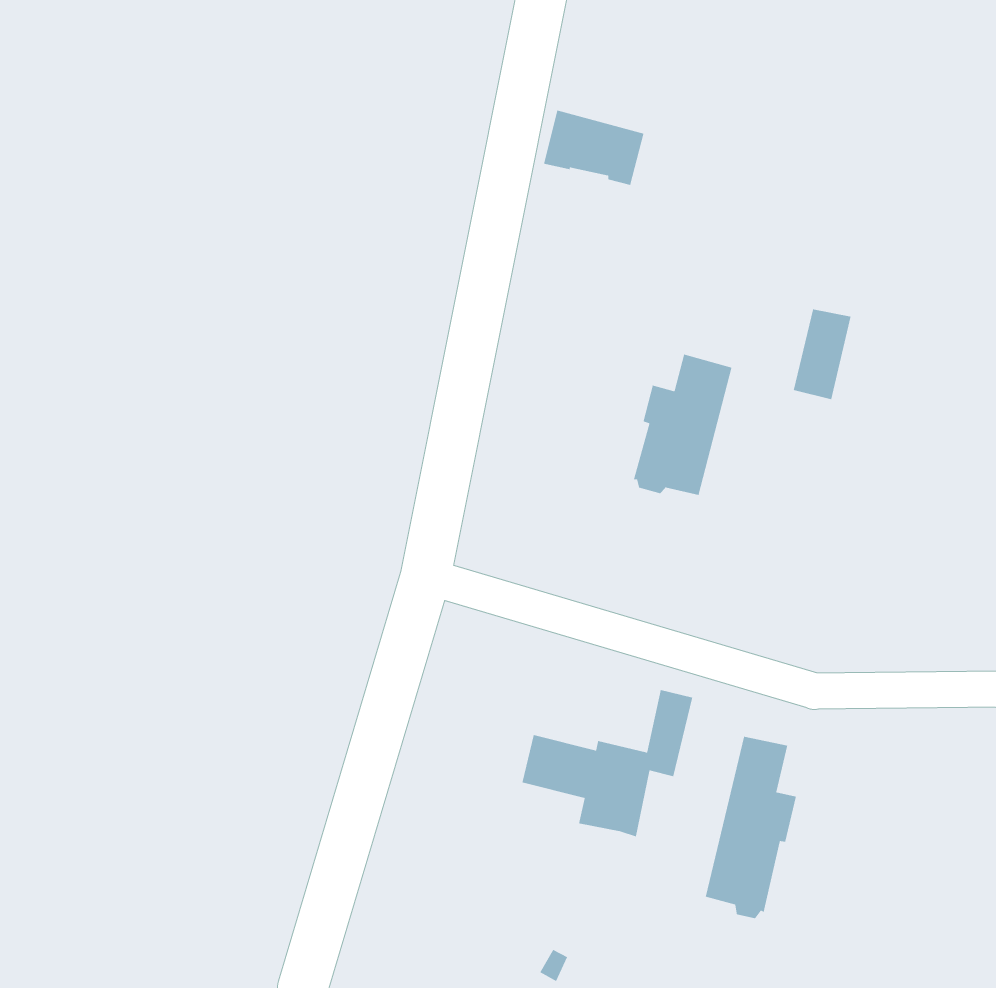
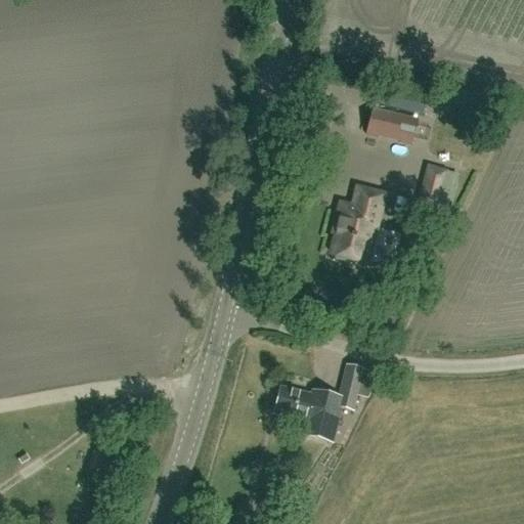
building: [543,110,645,186] -> [365,103,419,143]
building: [705,736,797,919] -> none

